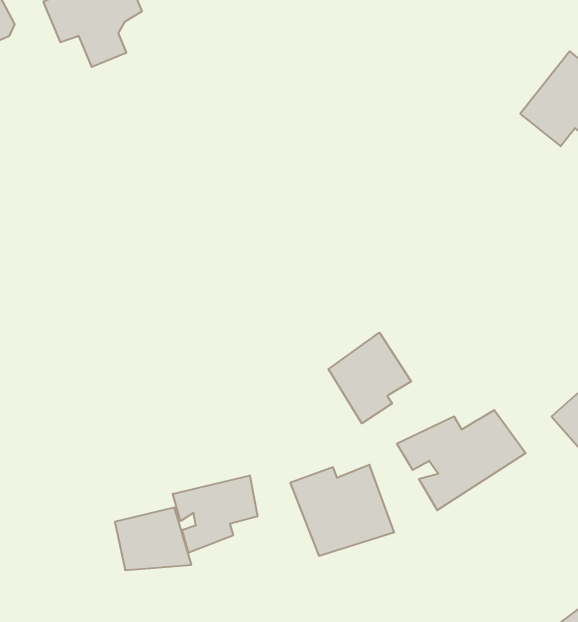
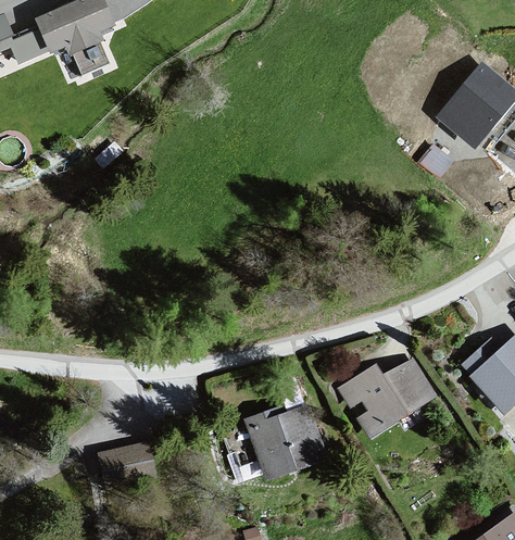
building: [328,333,411,423] -> none
building: [173,475,257,553] -> none

